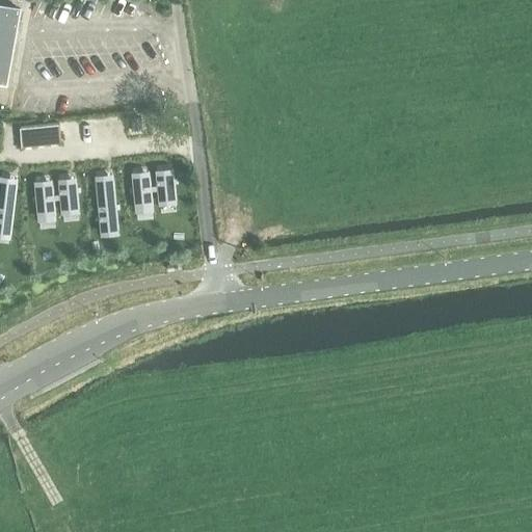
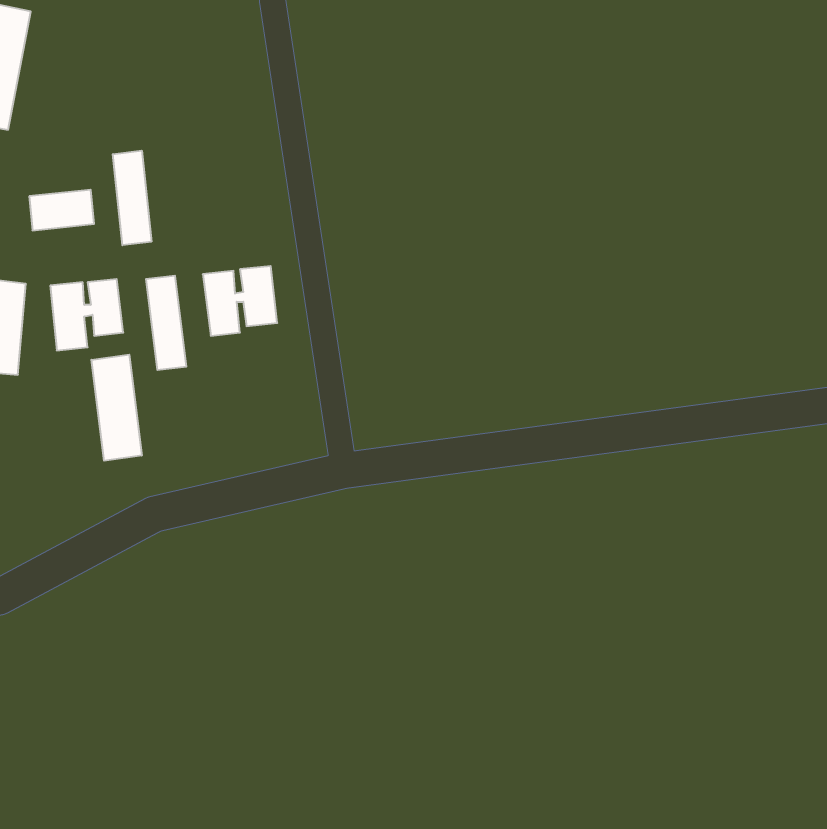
building: none -> [113,151,151,245]
building: none -> [91,355,142,461]

